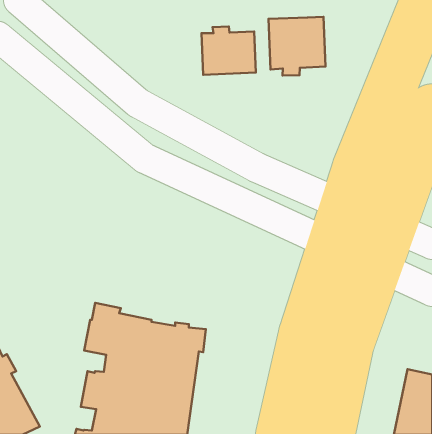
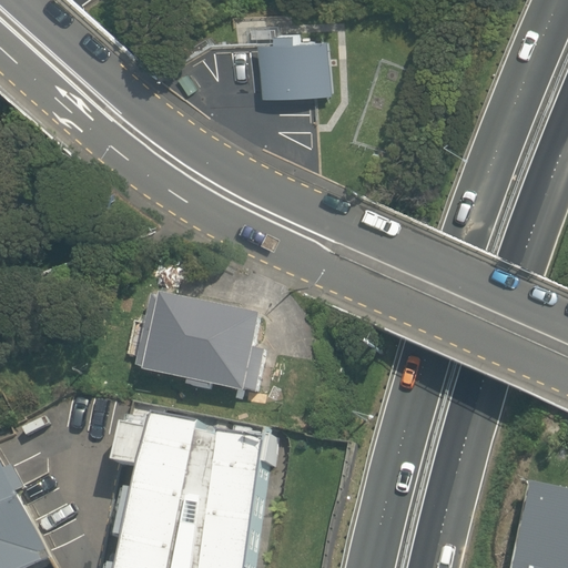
building: [268,17,326,76] -> none
building: none -> [125,295,266,394]

